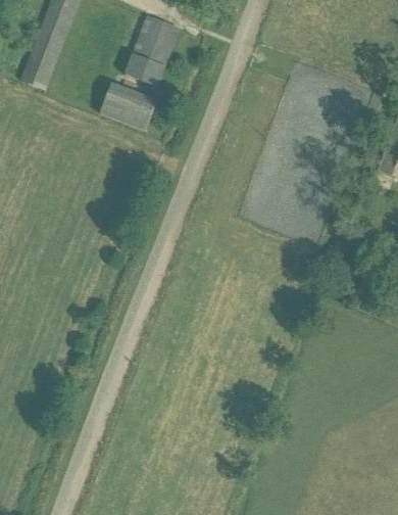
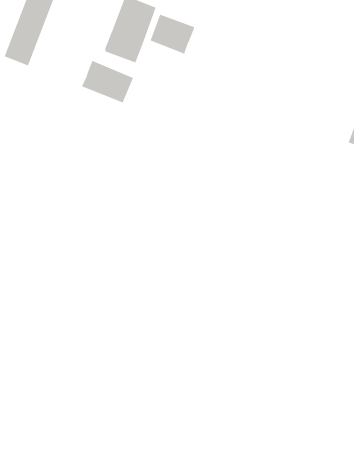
building: none -> [150,14,195,55]

